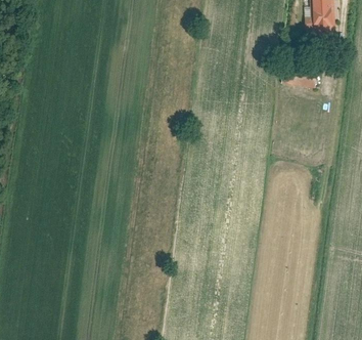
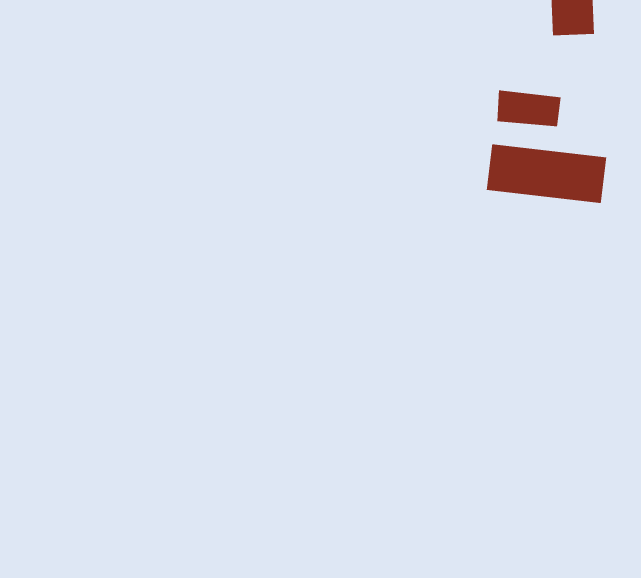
building: none -> [486,143,607,204]

